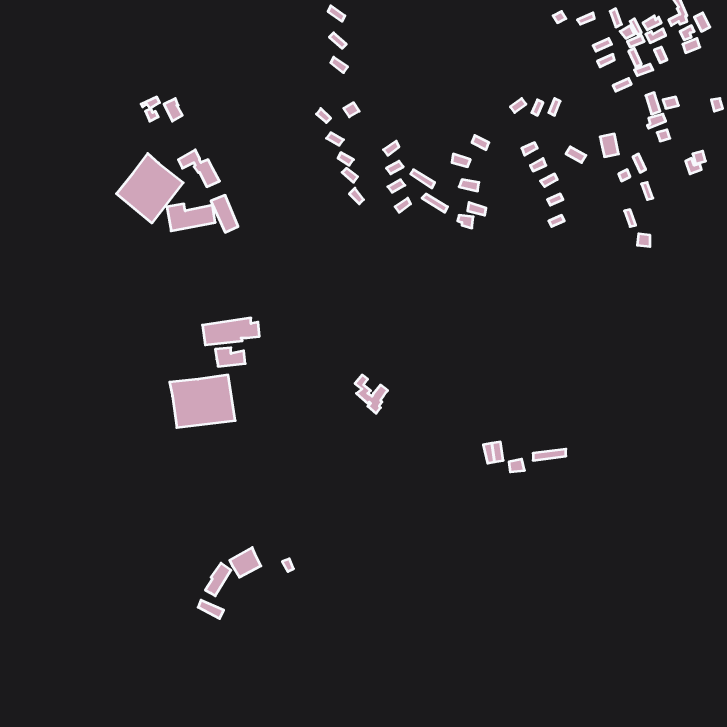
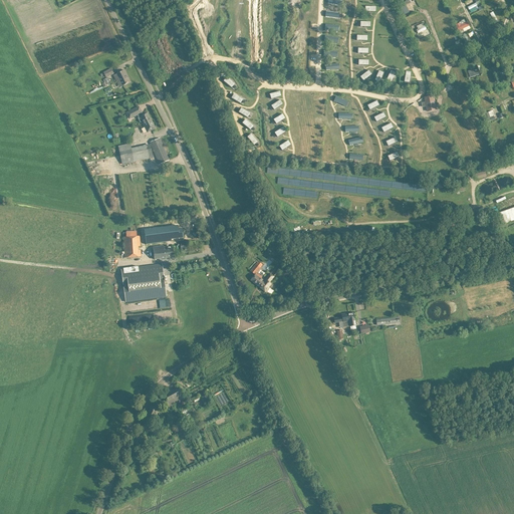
building: [116,153,183,223] -> none
building: none -> [121,230,140,257]

